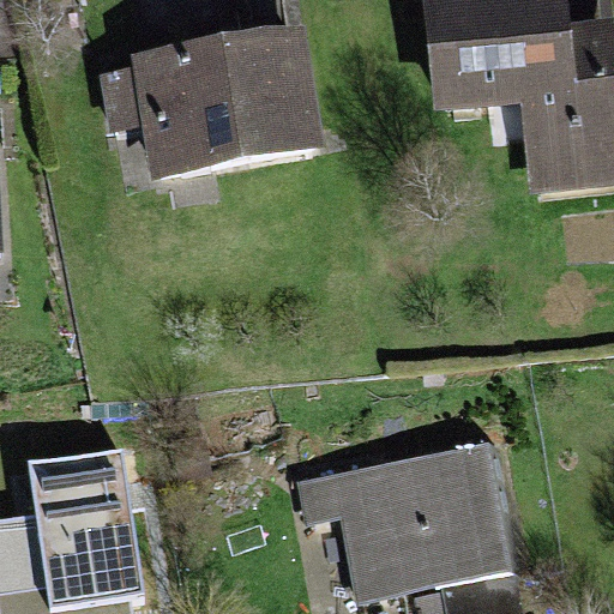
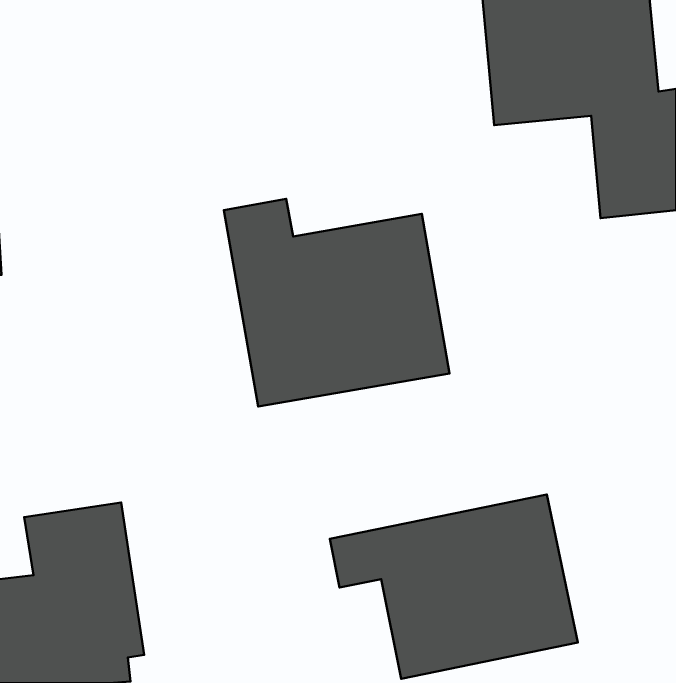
building: [138,30,329,182] -> none
building: none -> [224,199,450,406]

